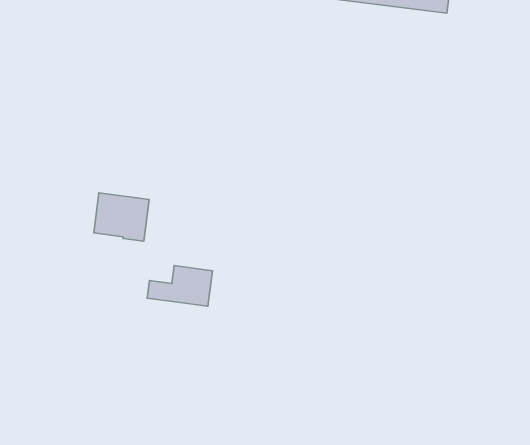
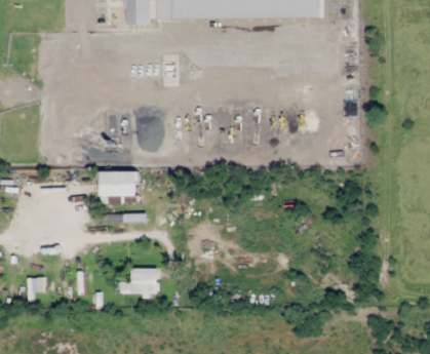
building: [147,266,213,306] -> [115,269,157,293]

